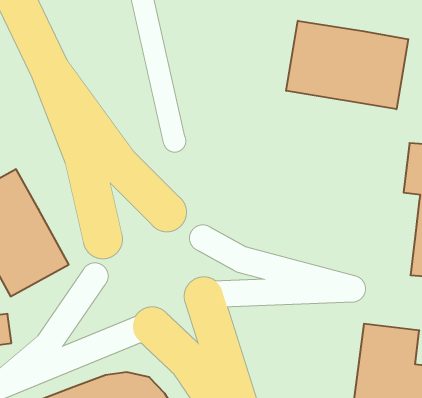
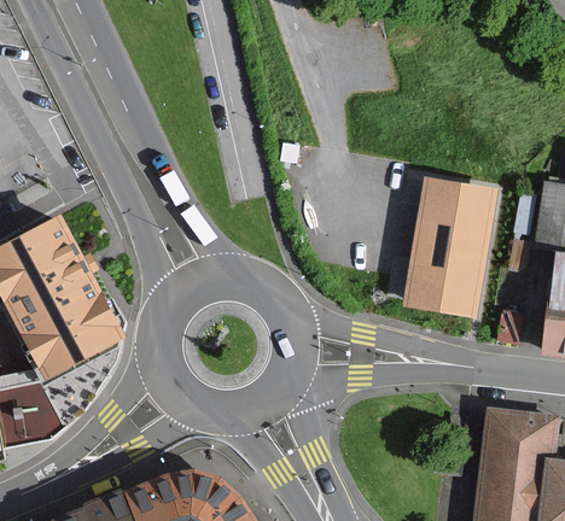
building: [286,21,408,109] -> none
building: none -> [407,180,495,315]

